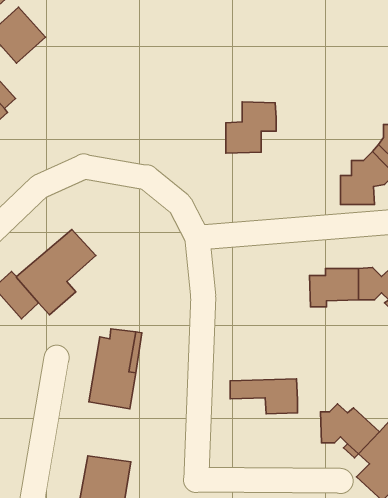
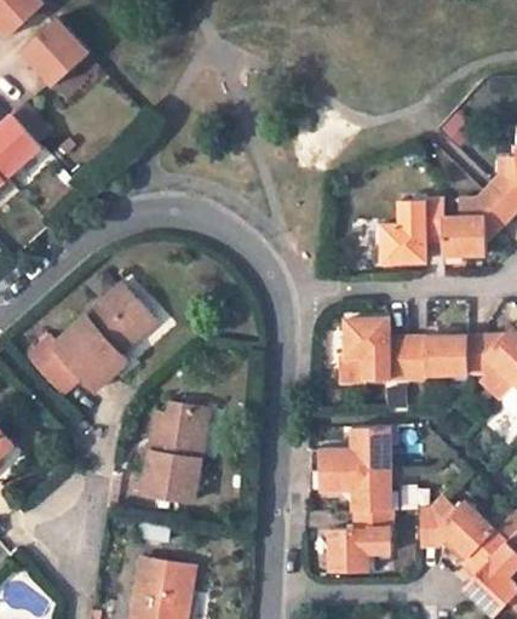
building: [226,102,276,153] -> [384,202,444,264]
building: none -> [346,319,408,382]
building: none -> [311,428,391,470]
building: none -> [333,509,394,573]

